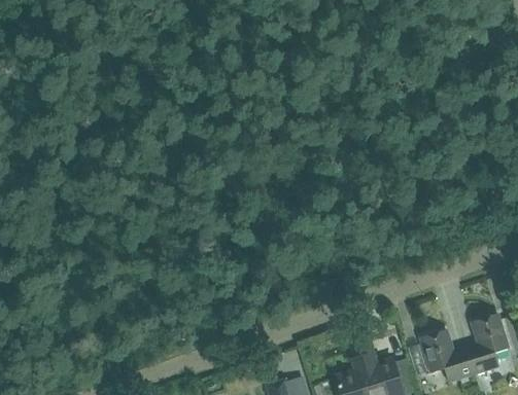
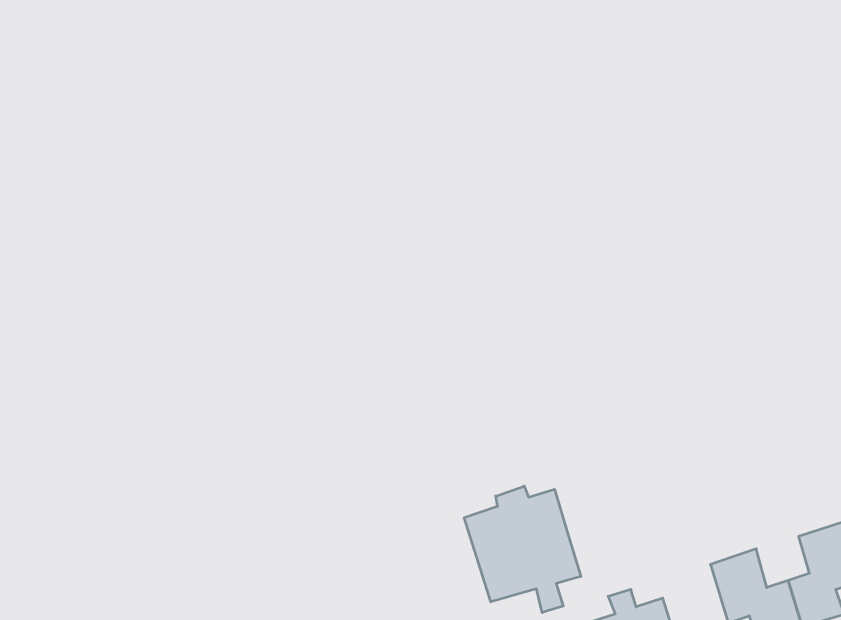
building: none -> [464,486,581,613]

